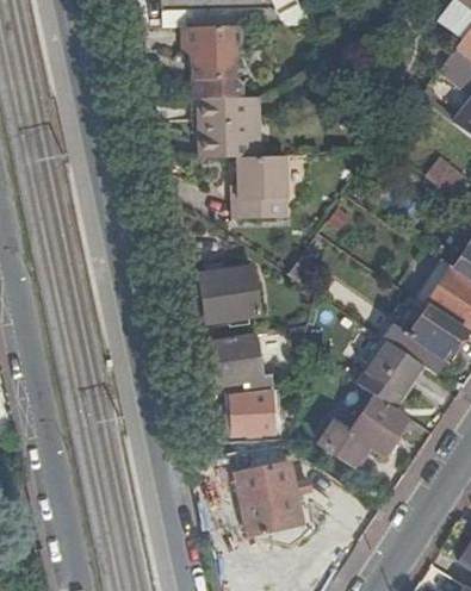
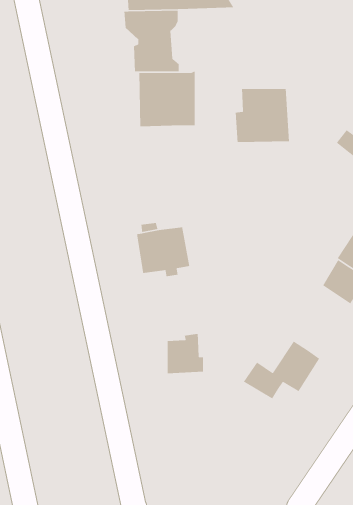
building: [231,156,293,218] -> [235,88,290,143]
building: [210,337,267,392] -> none
building: [361,343,422,408] -> none
building: [231,466,300,537] -> none

